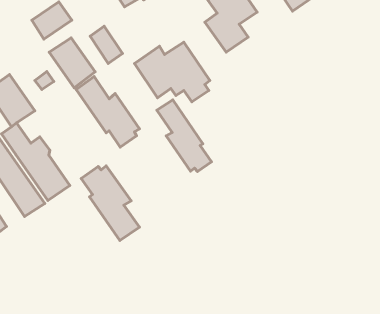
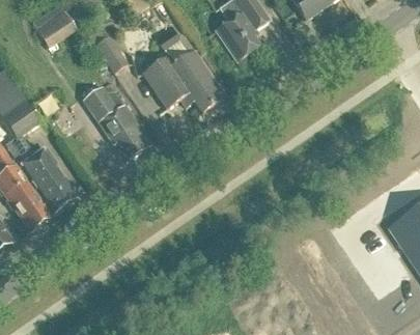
building: [49,38,95,88] -> none
building: [157,100,211,172] -> none
building: [81,166,139,240] -> none

